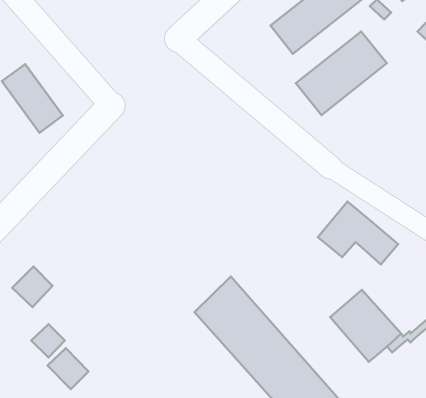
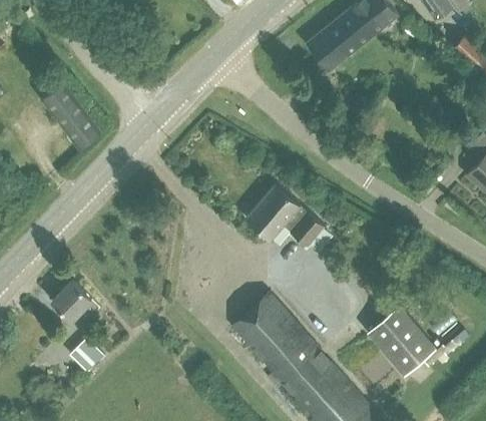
building: [296,31,387,115] -> none
building: [318,202,398,264] -> [248,184,327,247]
building: [47,348,89,389] -> none

